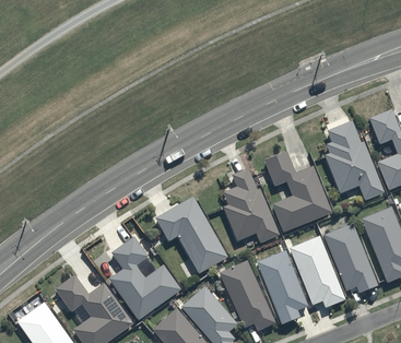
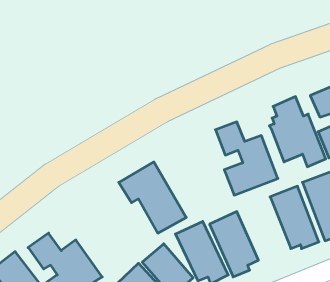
building: [220,168,282,246] -> none
building: [288,233,346,307] -> none
building: [108,237,184,322] -> none

